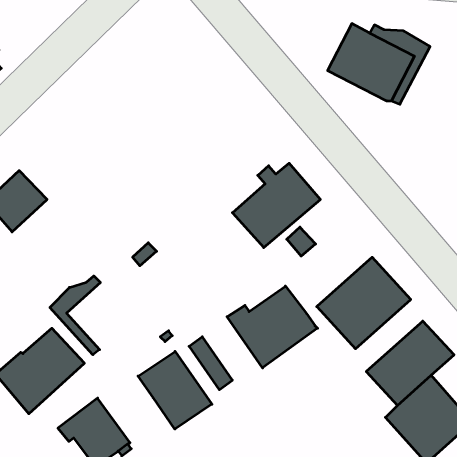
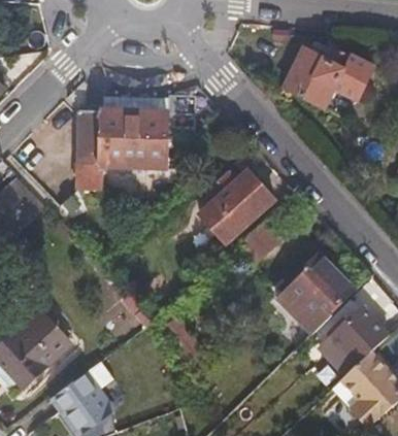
building: none -> [77,95,167,189]
building: [50,276,100,355] -> none
building: [227,286,318,368] -> none
building: [138,351,212,429] -> none

